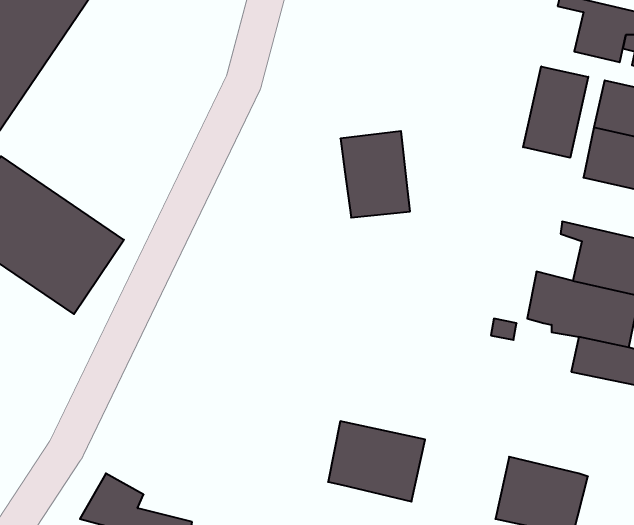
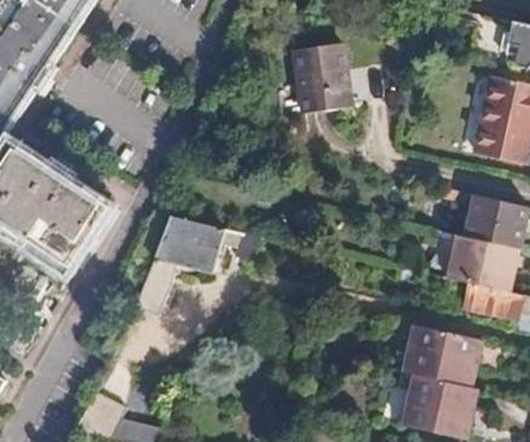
building: [523,66,588,158] -> none
building: [340,131,410,218] -> [290,41,346,110]
building: none -> [134,216,258,314]
building: [328,421,425,502] -> [404,326,482,390]

